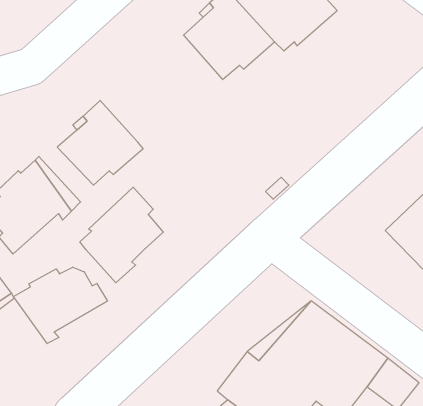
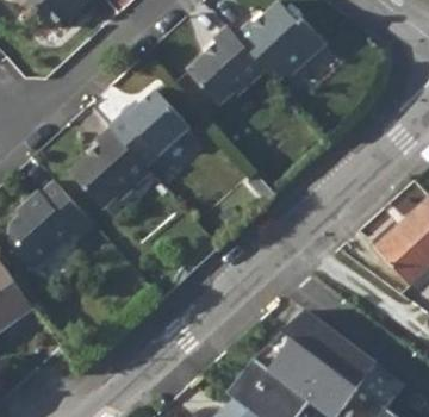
building: none -> [110,91,191,166]
building: [80,187,163,283] -> none
building: [13,267,107,344] -> none

